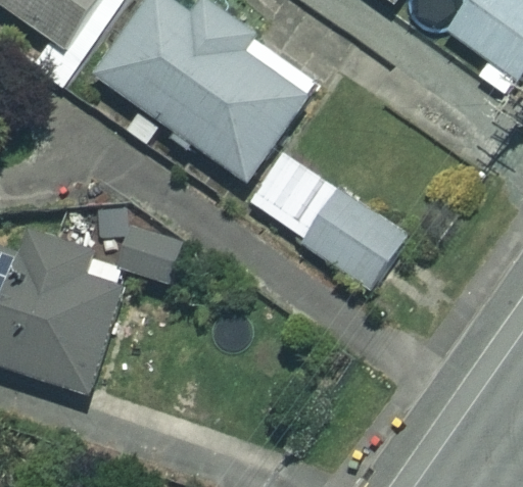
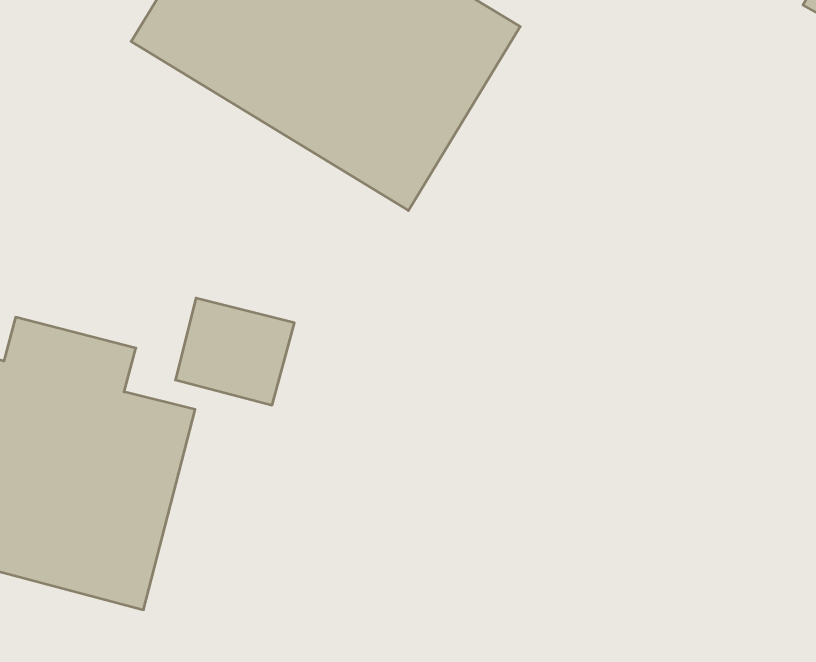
building: [247,144,406,286] -> none

